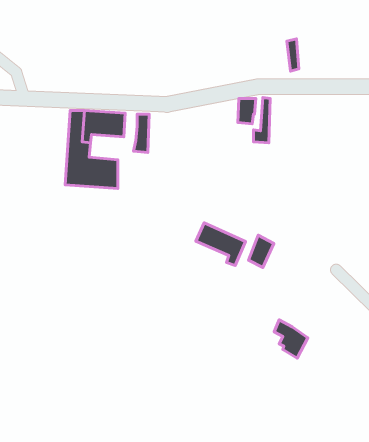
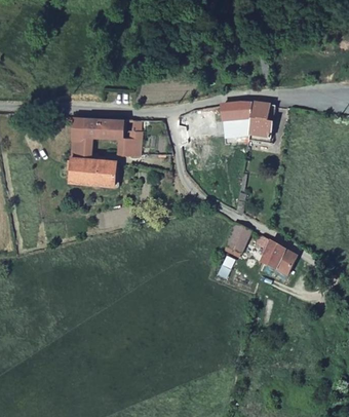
building: none -> [245,107,268,146]
building: [196,223,246,266] -> none
building: [274,320,308,358] -> [257,236,285,269]

